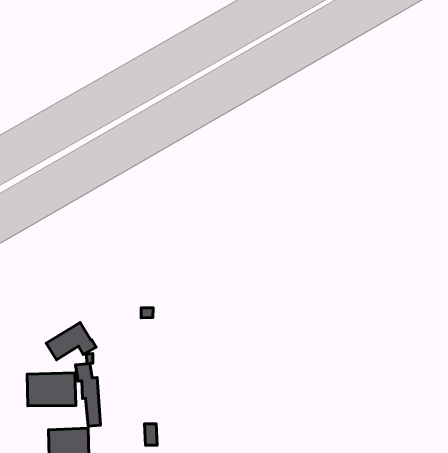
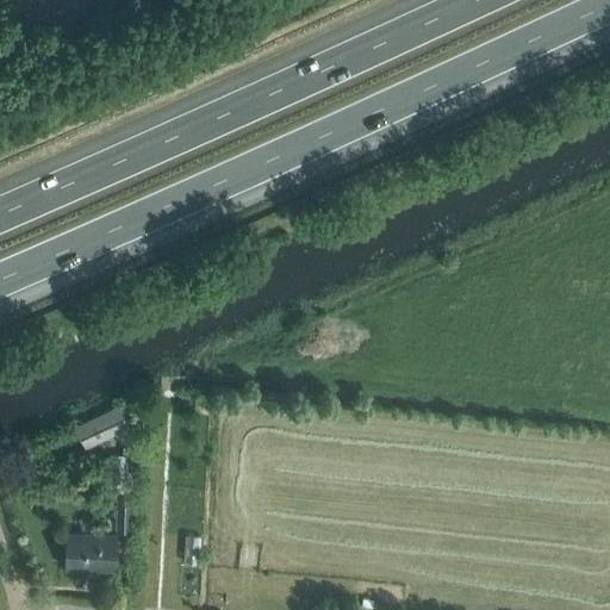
building: [27,373,76,406] -> none

